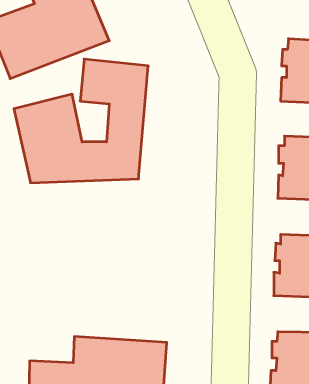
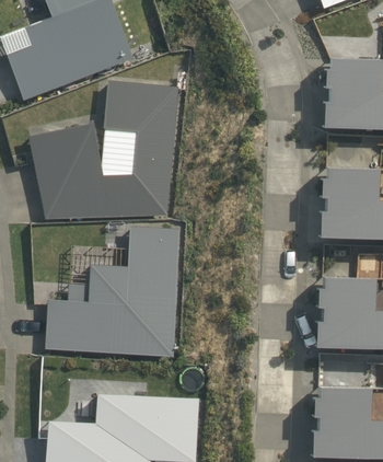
building: none -> [43,226,177,356]

